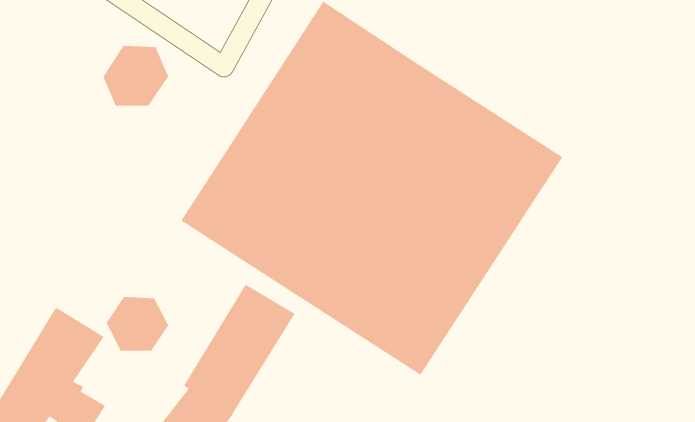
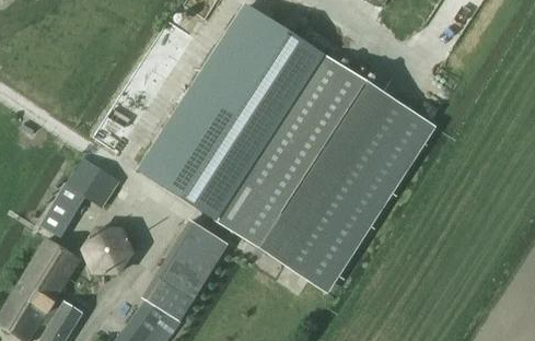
building: [103,45,169,107] -> none
building: none -> [39,157,118,237]

